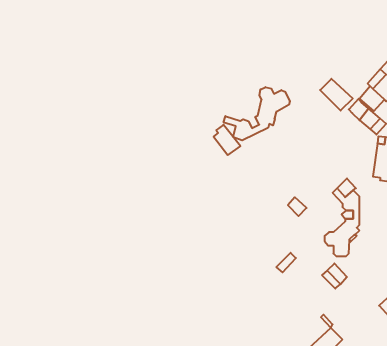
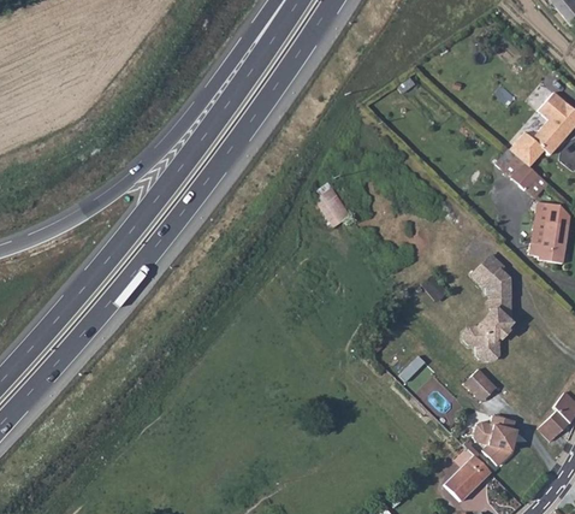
building: [320,79,353,111] -> none
building: [224,87,290,140] -> none
building: none -> [474,410,520,466]

